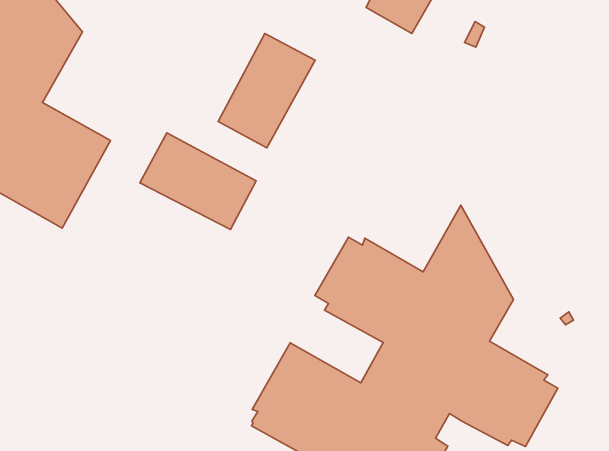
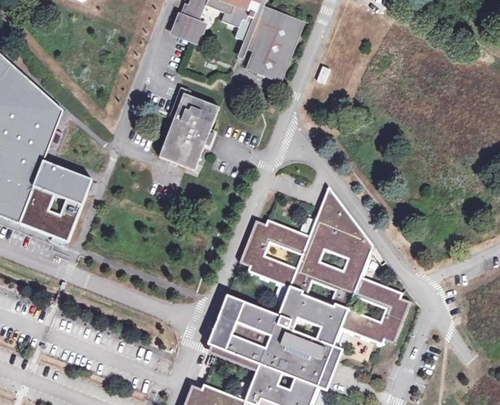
building: [140,133,256,230] -> none

